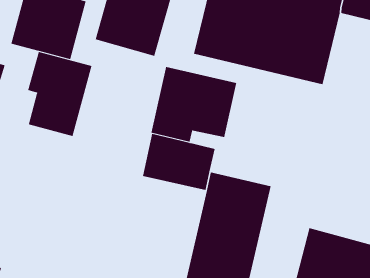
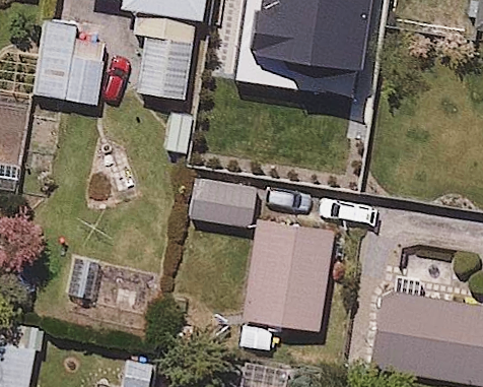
building: [27,51,92,137] -> none
building: [151,66,237,143] -> none

